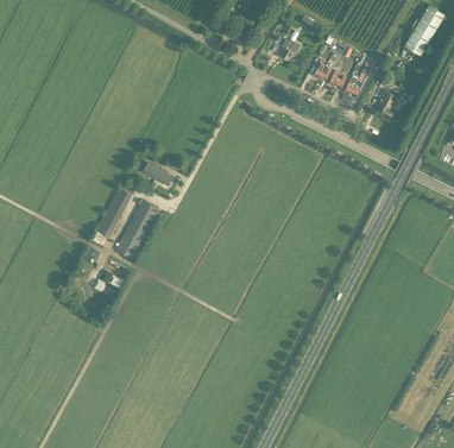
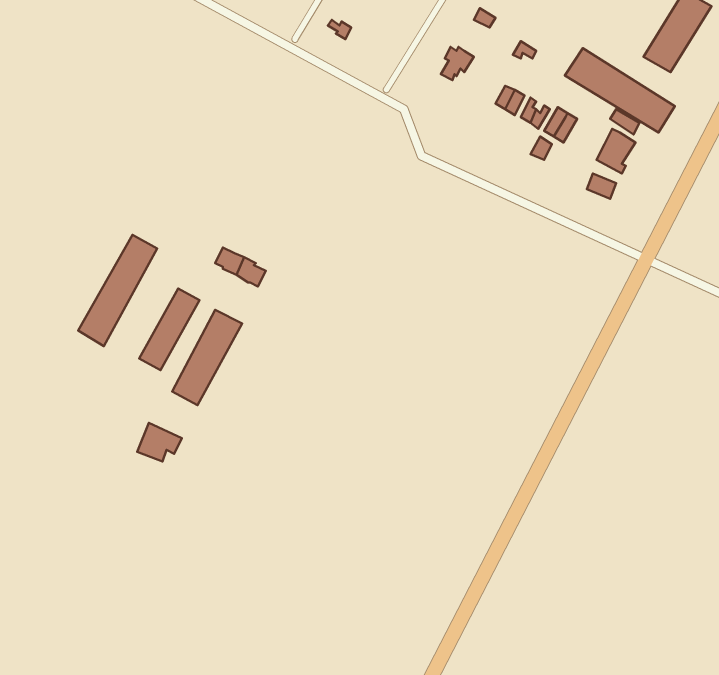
building: none -> [565,48,675,133]
building: none -> [78,235,157,346]

